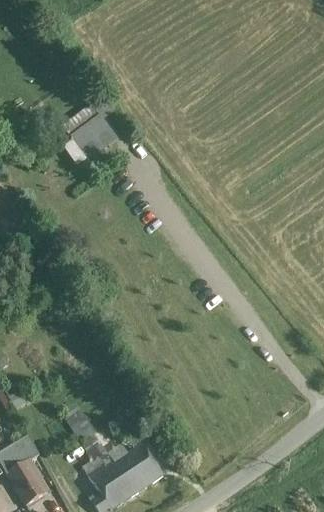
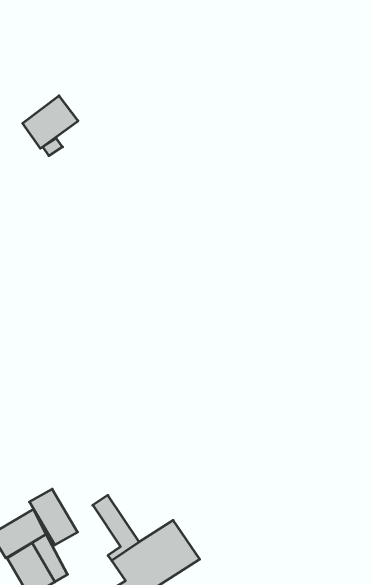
building: [71,116,115,158] -> [23,96,78,148]
building: none -> [29,489,78,545]

